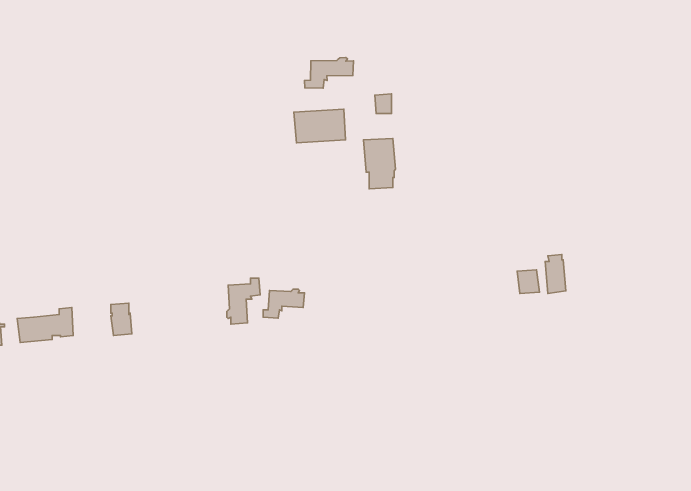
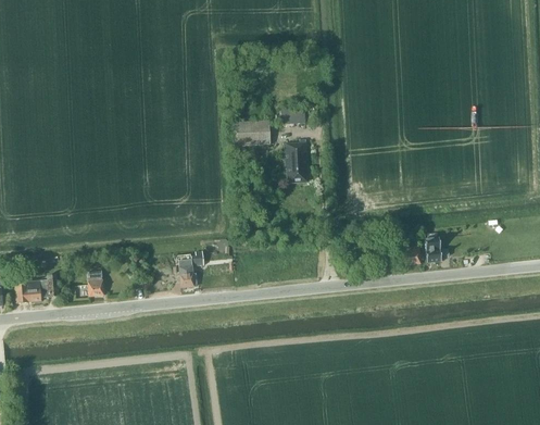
building: [304,58,354,88] -> none
building: [263,289,305,318] -> none

